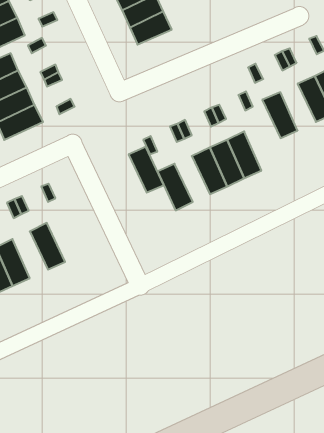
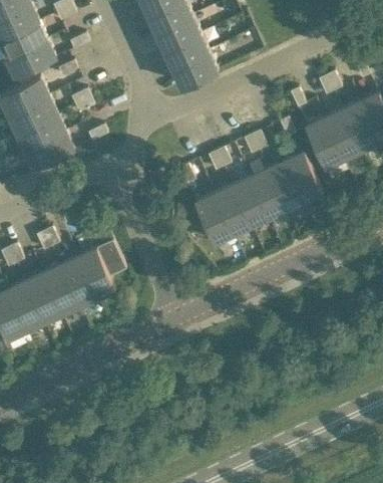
building: none -> [172,52,217,86]
building: none -> [323,109,360,159]
building: none -> [285,152,322,201]
building: [129,147,164,193] -> [212,186,249,234]
building: none -> [77,240,124,297]
building: none -> [41,265,78,314]

